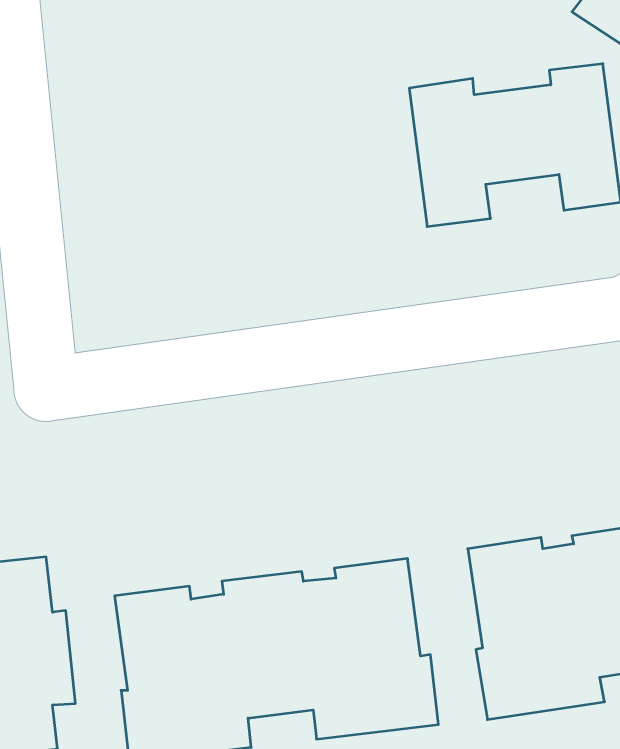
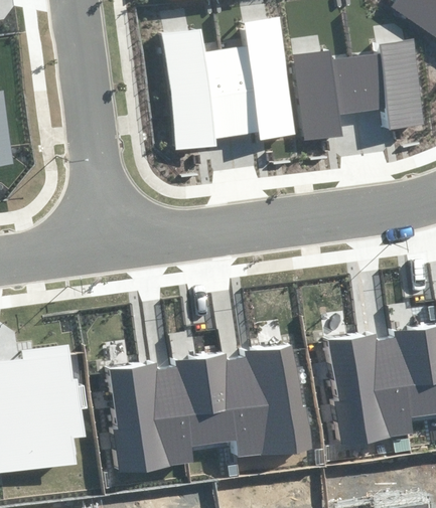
building: none -> [158,19,295,152]

